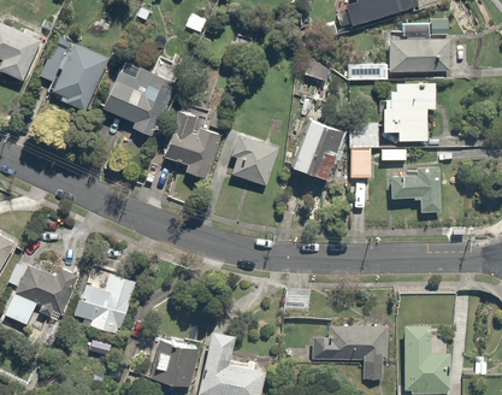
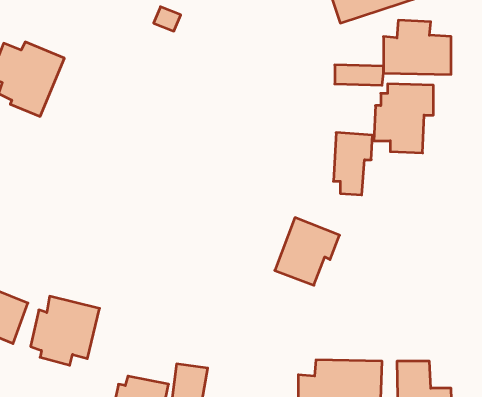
building: [100,61,176,136] -> none
building: [165,117,223,183] -> none
building: [287,117,344,177] -> [275,218,340,285]
building: [229,134,278,187] -> none
building: [395,170,442,214] -> none

